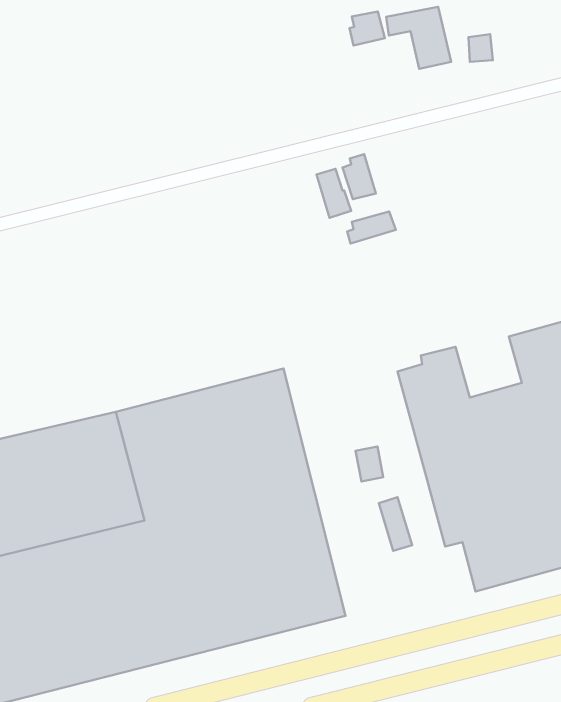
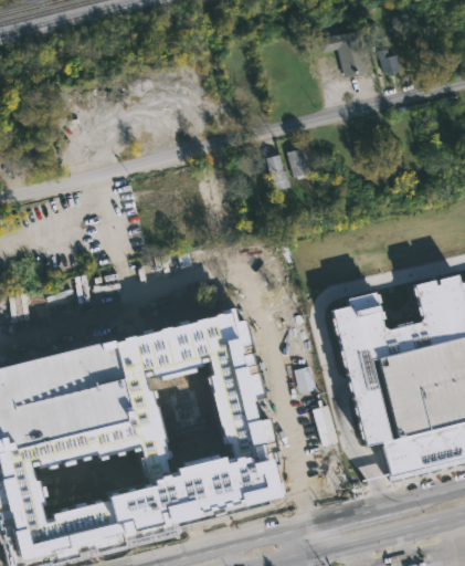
building: [350,11,385,45] -> none
building: [347,211,396,243] -> none

